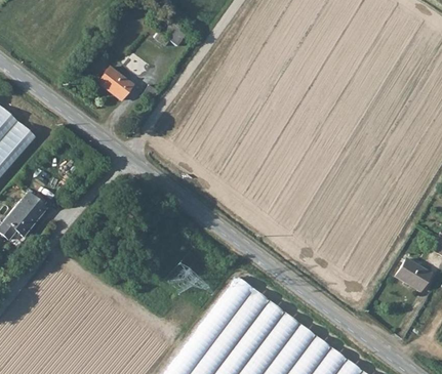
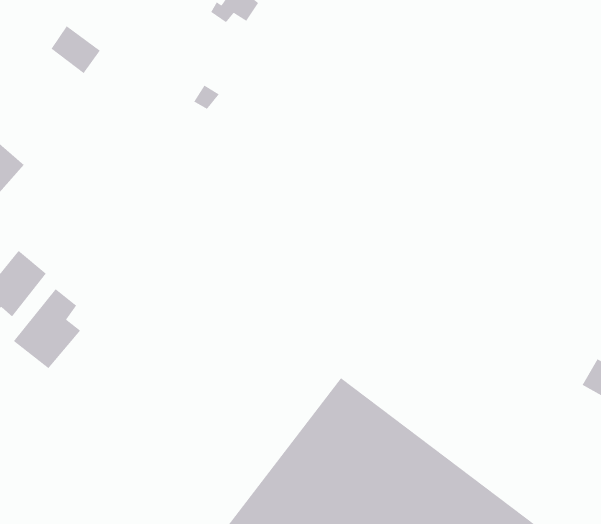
building: [101,70,133,101] -> [51,25,101,74]
building: none -> [13,288,81,369]

